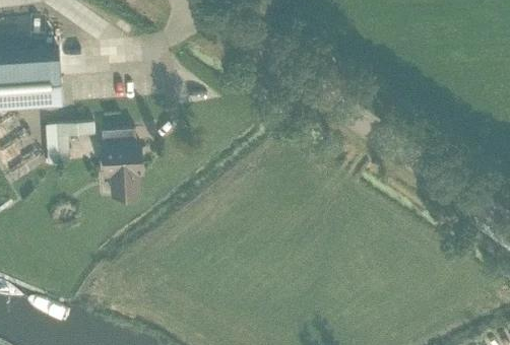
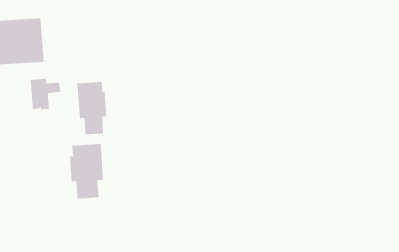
building: none -> [70,143,103,200]

